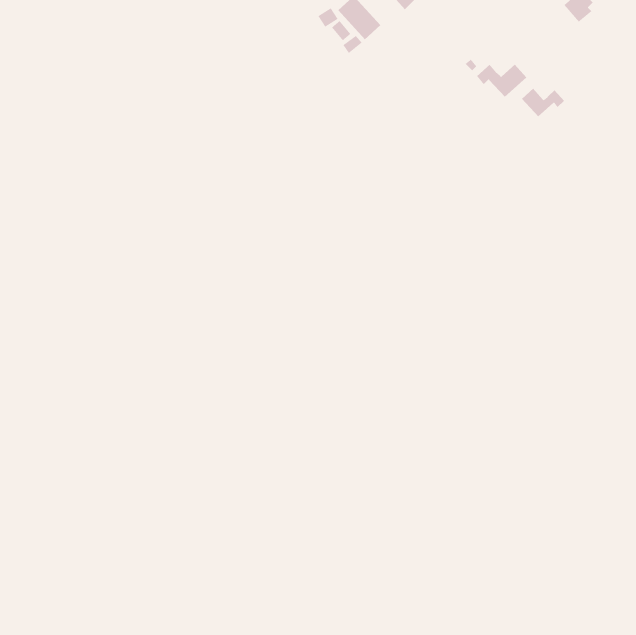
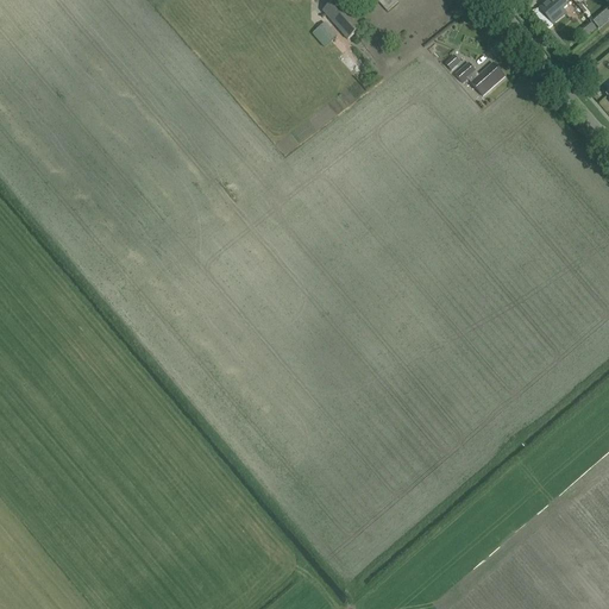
building: [521,88,565,117] -> none

